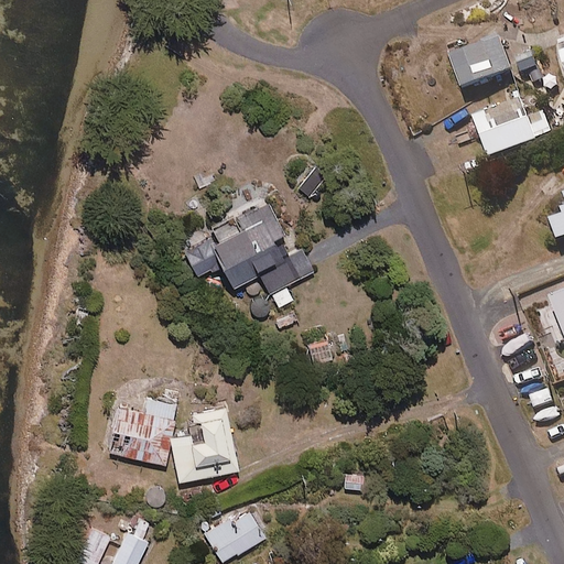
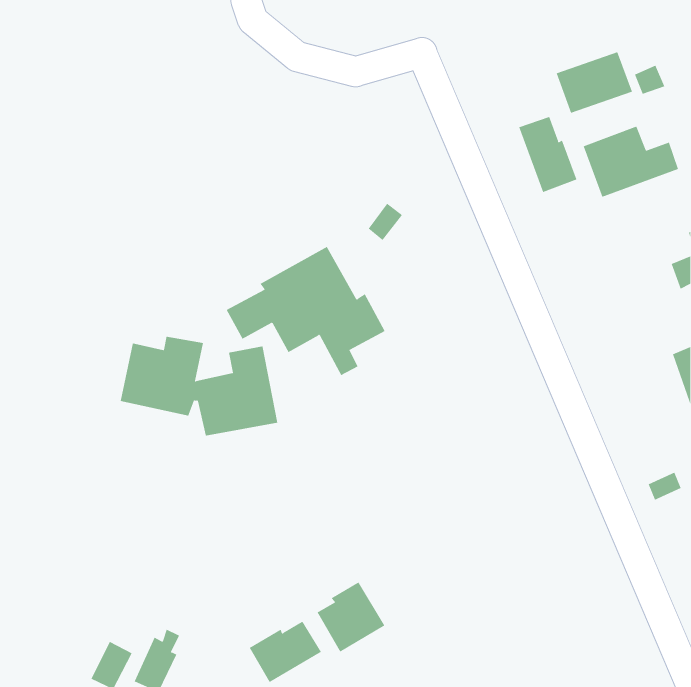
building: none -> [519,116,577,193]
building: [105,395,234,477] -> [120,336,278,436]
building: none -> [317,581,385,652]

